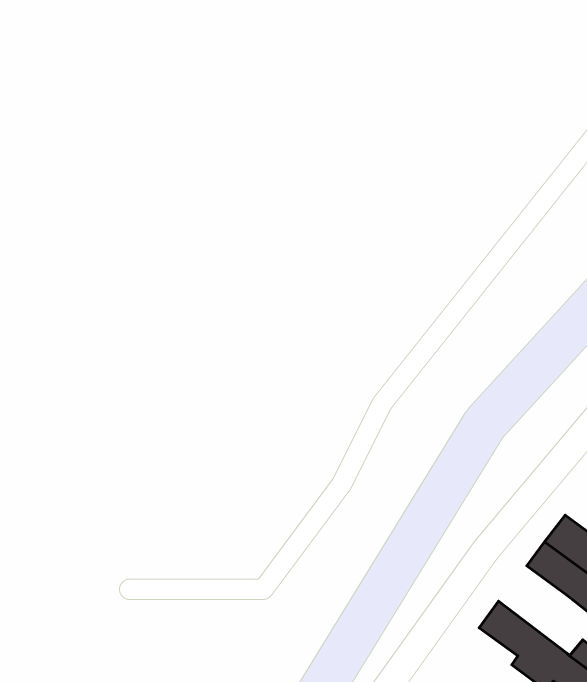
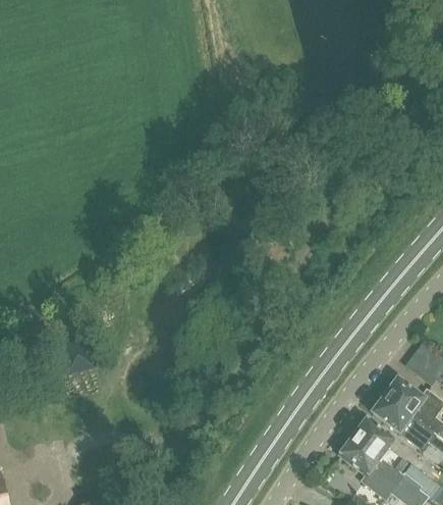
building: none -> [352,420,406,473]

